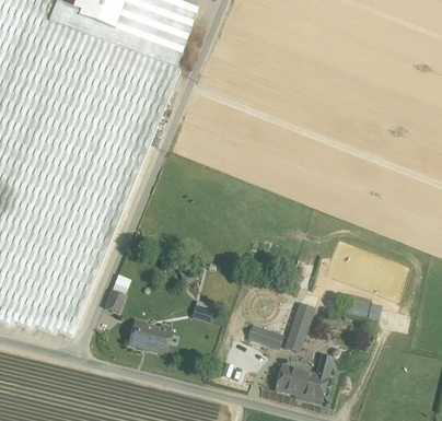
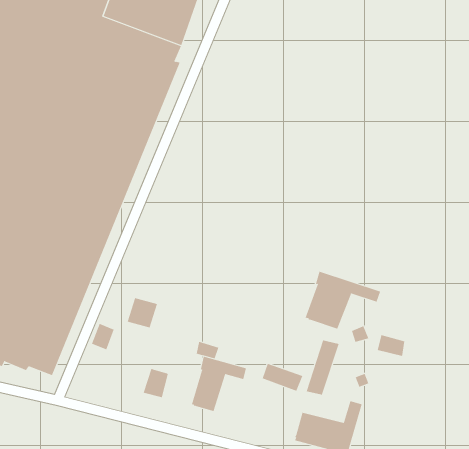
building: none -> [305,271,381,330]
building: none -> [191,356,247,412]
building: [128,323,154,349] -> [127,297,158,328]

